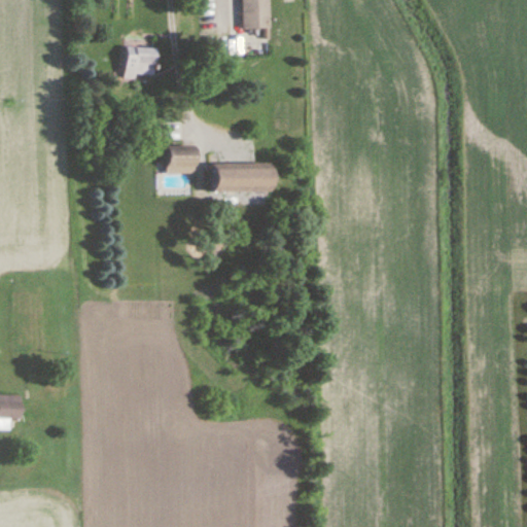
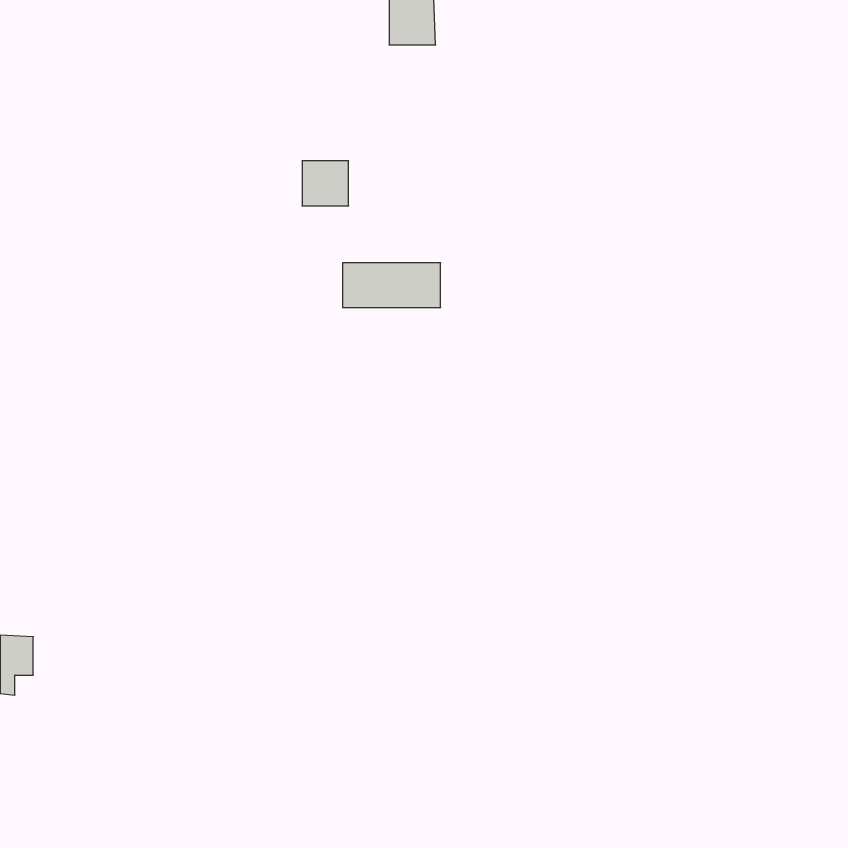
building: [127,46,155,73] -> none
building: [167,145,196,173] -> [302,161,349,206]

